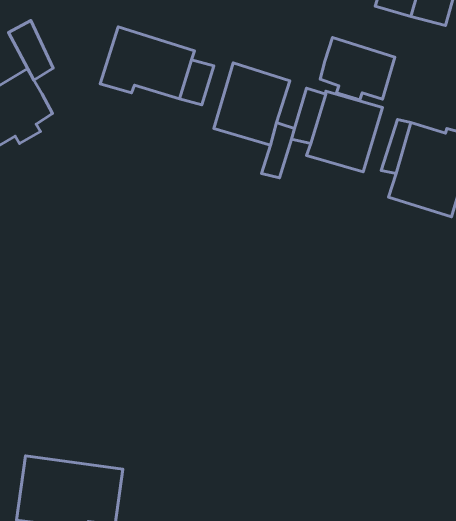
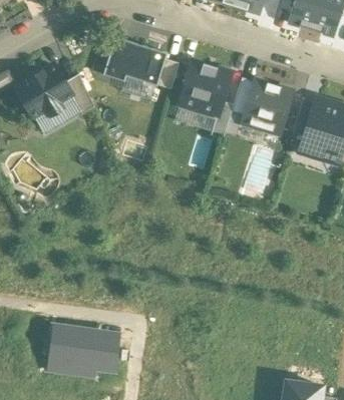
building: [8,20,53,80] -> [64,74,94,114]
building: [320,37,395,100] -> none

